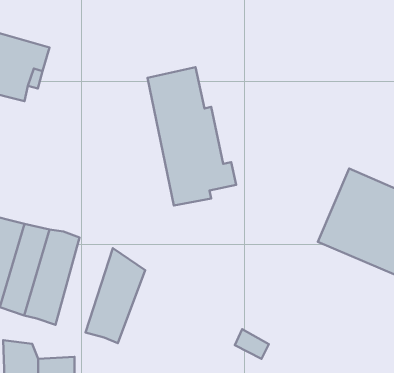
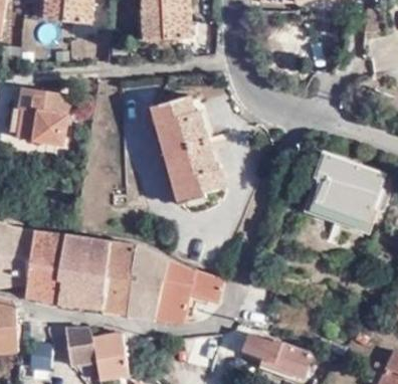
building: none -> [103,241,140,315]
building: none -> [153,260,224,325]

